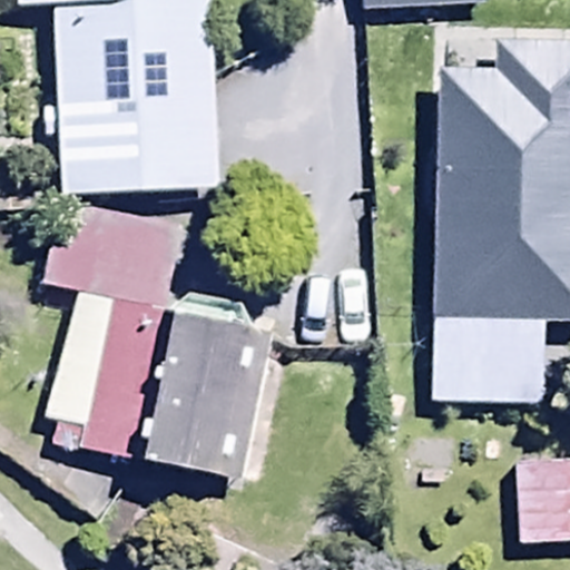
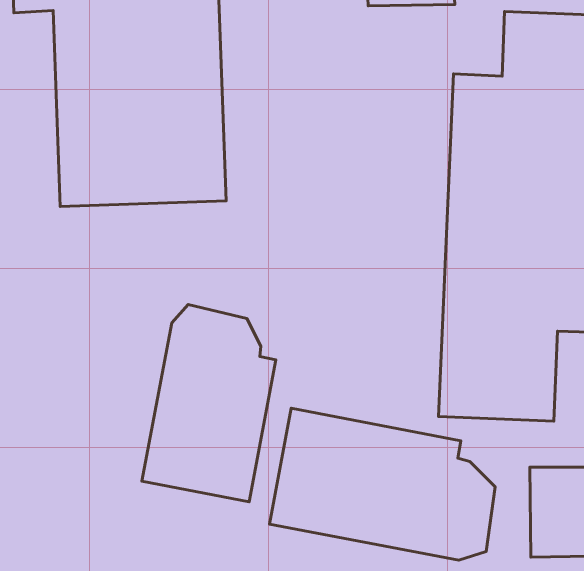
building: [43,205,183,458] -> none
building: none -> [270,408,495,560]

